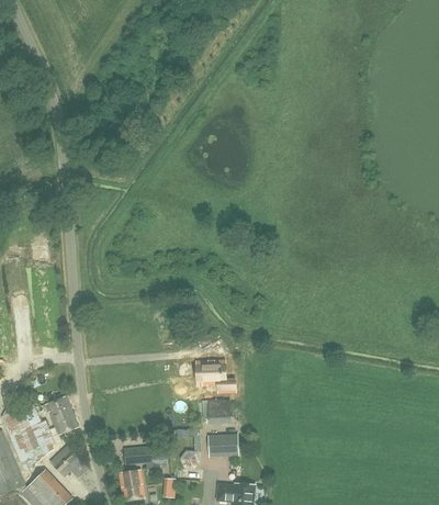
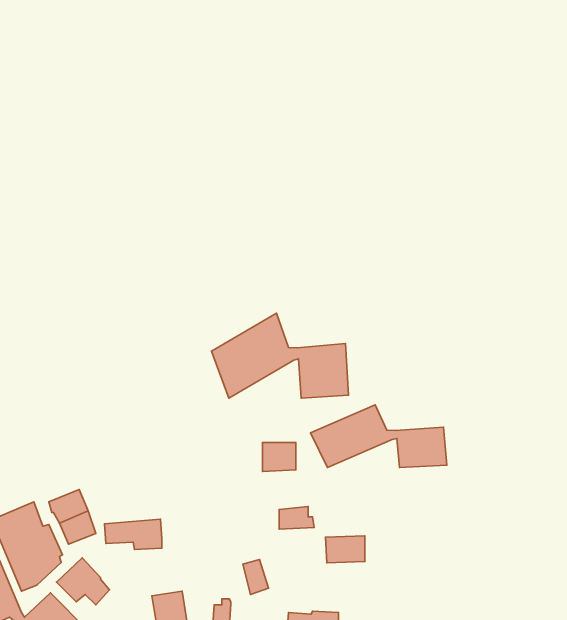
building: none -> [211,313,349,398]
building: none -> [310,405,447,468]
building: [207,435,236,454] -> [325,536,365,563]
building: [123,445,165,467] -> [104,519,162,550]

